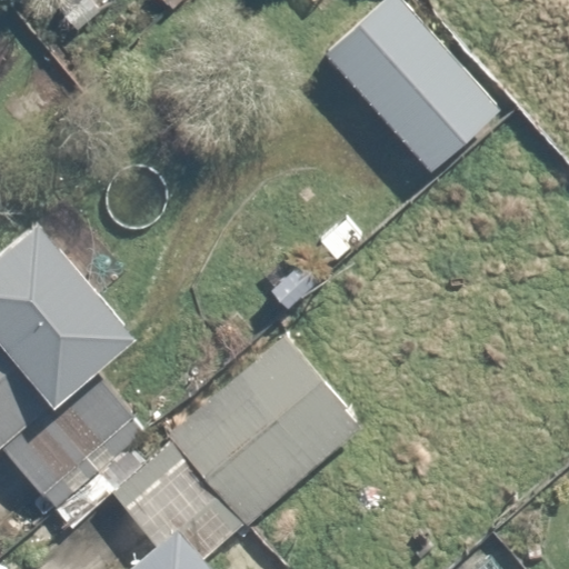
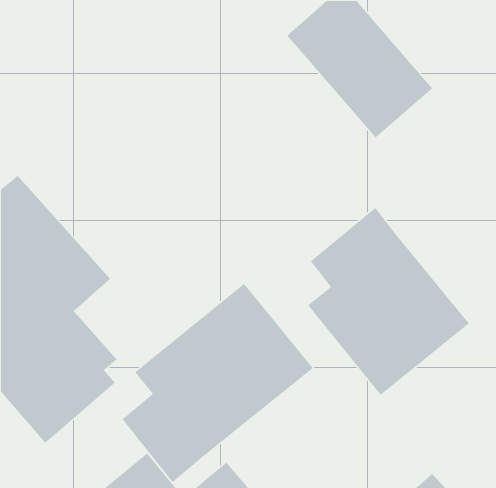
building: none -> [307,207,470,396]

